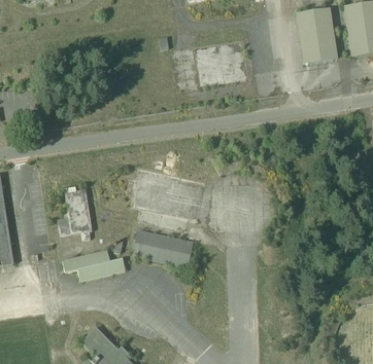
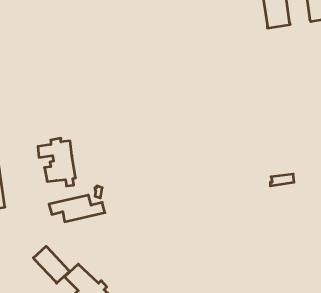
building: [131,229,193,267] -> none
building: none -> [33,246,70,283]

